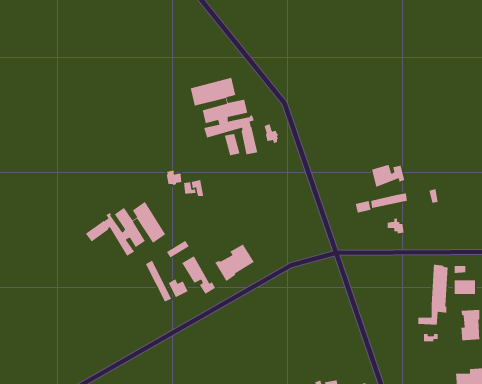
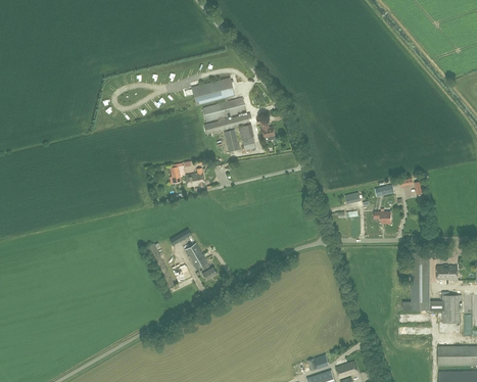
building: [371,164,405,188] -> none
building: [85,201,166,257] -> none
building: [214,243,255,282] -> none

